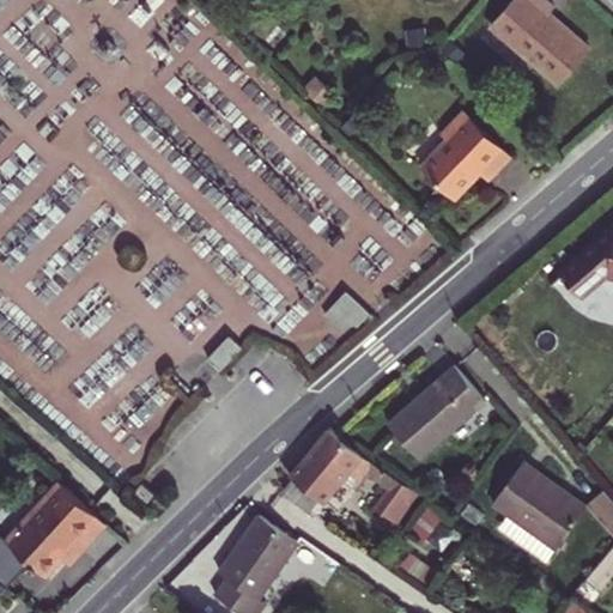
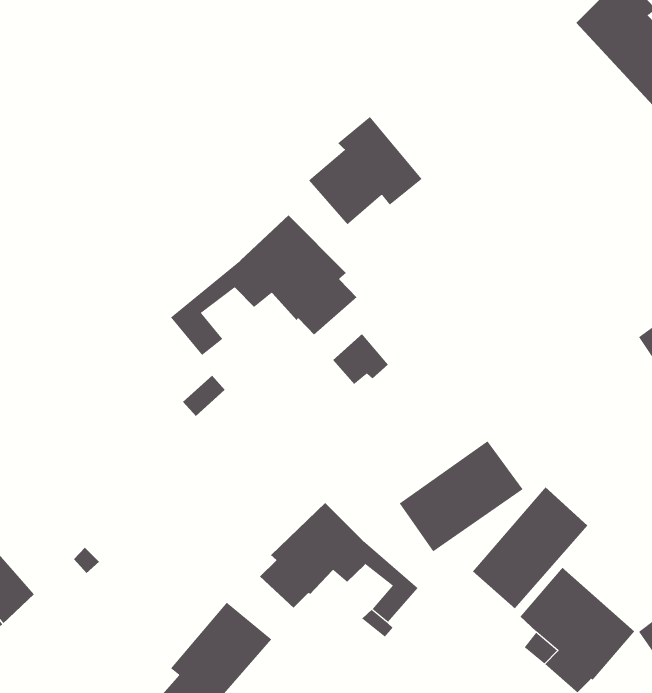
building: [419,113,510,201] -> [308,116,422,225]
building: none -> [170,214,358,356]
building: none -> [472,487,588,609]

